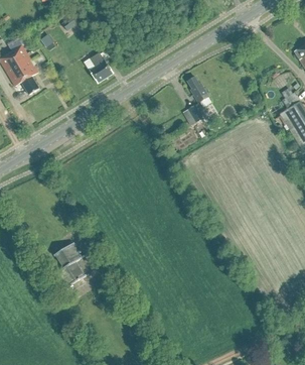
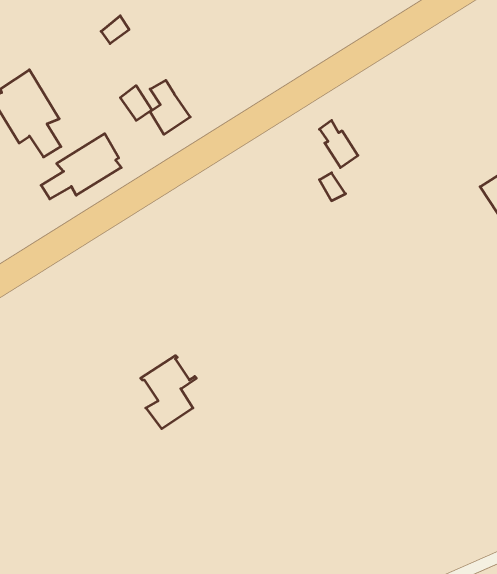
building: none -> [41,134,121,199]
building: [55,243,88,285] -> [141,356,196,429]

